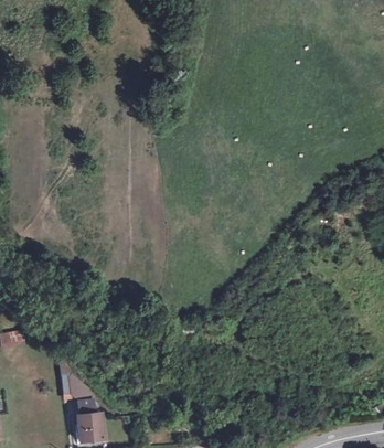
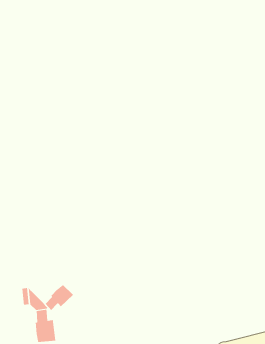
building: none -> [45,284,74,311]

